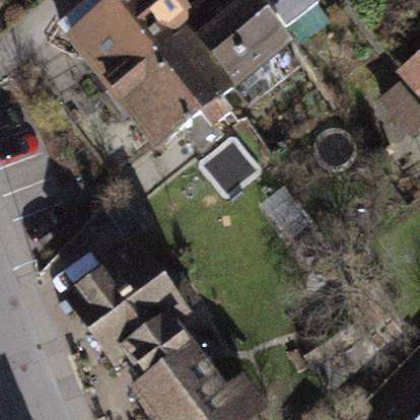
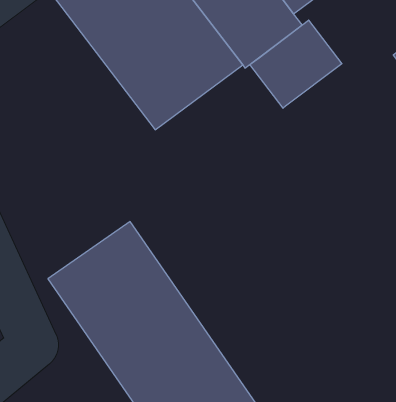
building: none -> [250,20,342,108]

